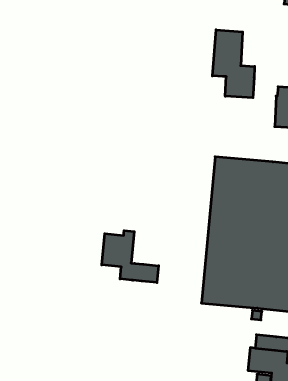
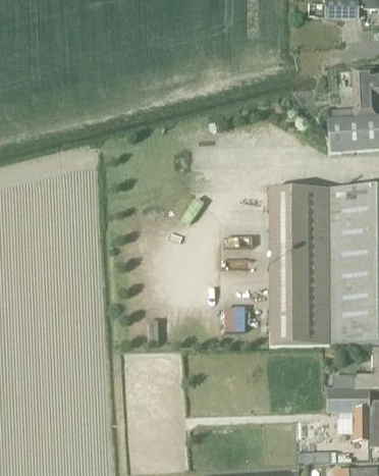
building: [212,30,255,98] -> none
building: [102,231,159,283] -> none

